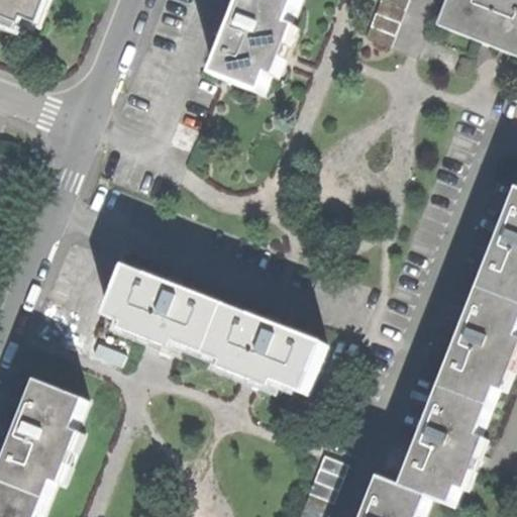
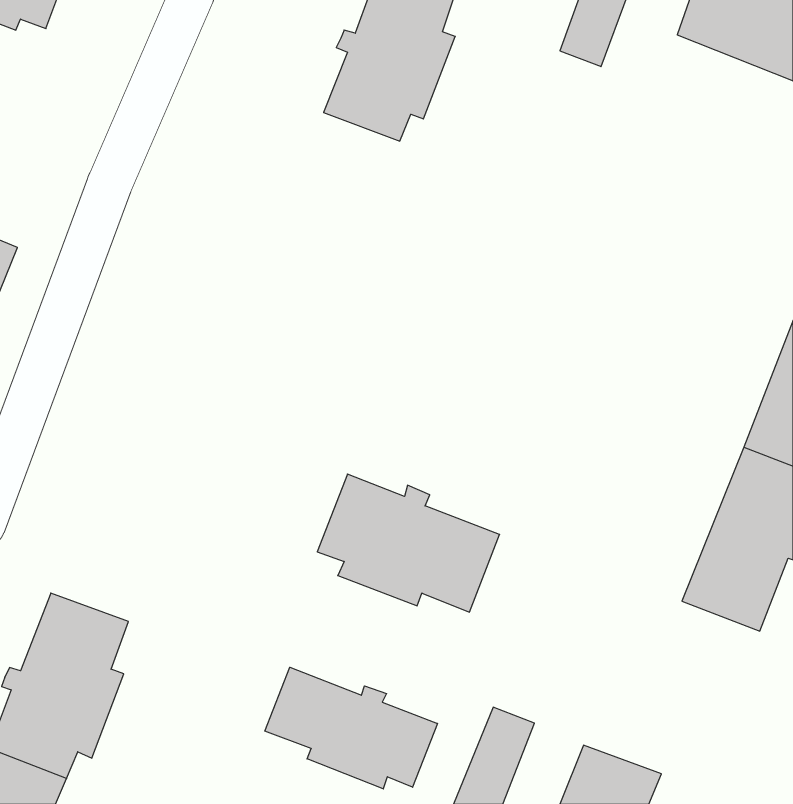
building: [102,264,221,351] -> none
building: [396,383,492,500] -> none
building: none -> [265,667,437,789]

